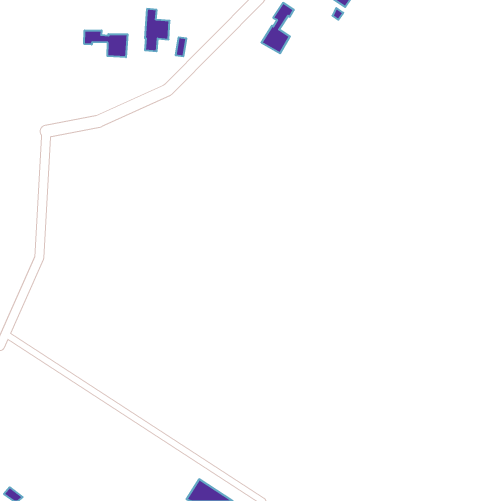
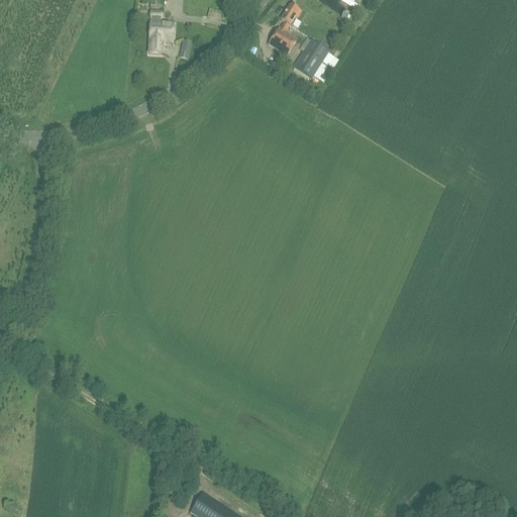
building: [84,30,128,57] -> none
building: none -> [294,38,329,77]

